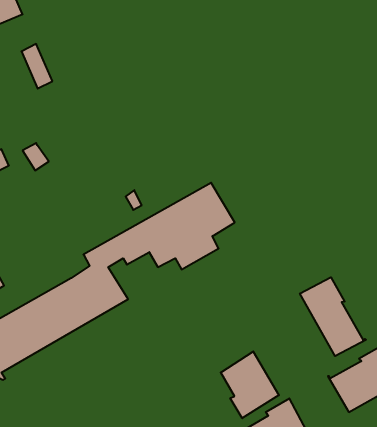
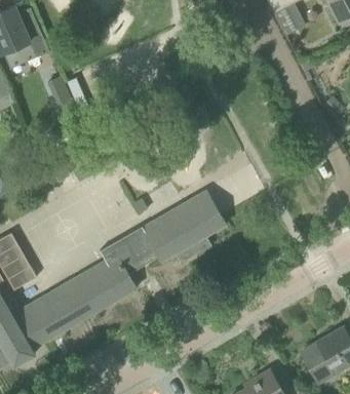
building: [300,277,366,356] -> none
building: [221,351,279,418] -> none

